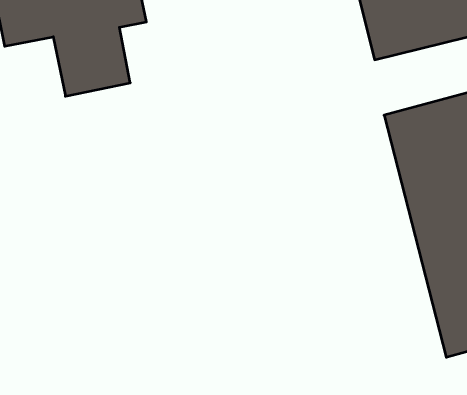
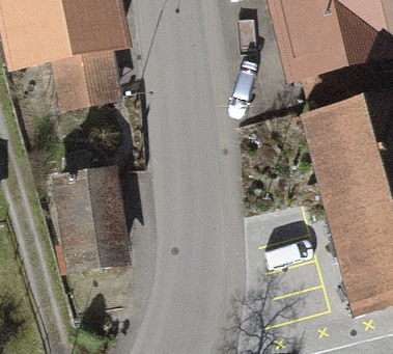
building: none -> [56,166,139,278]

